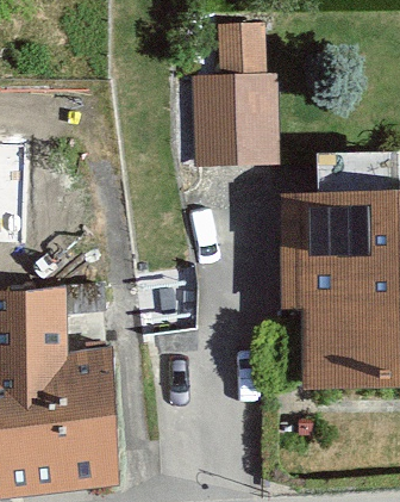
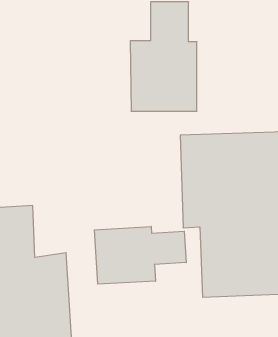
building: none -> [94,226,186,284]

